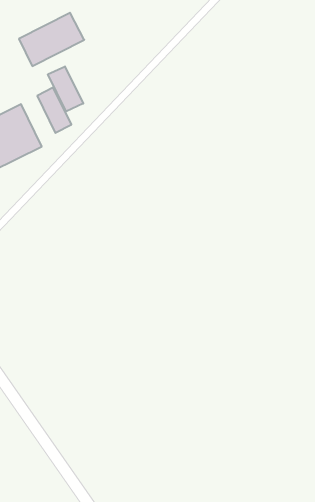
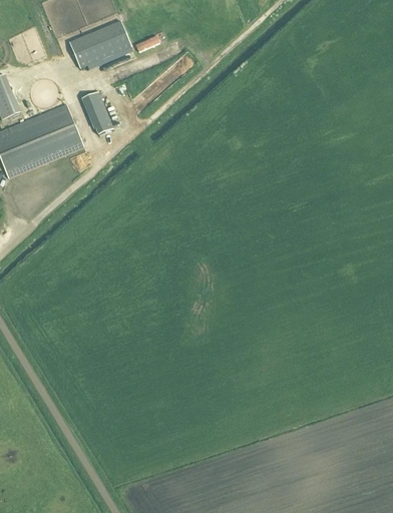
building: [48,66,83,111] -> none

